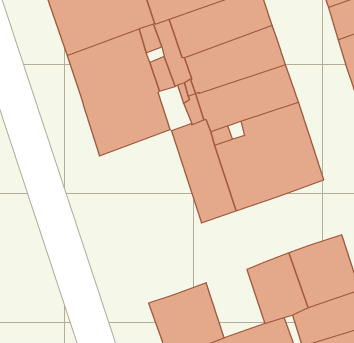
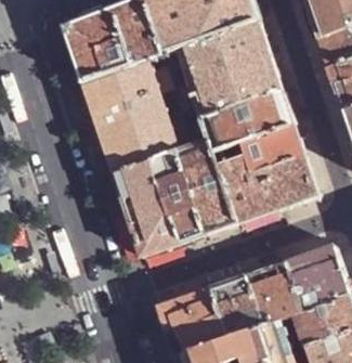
building: none -> [115,148,207,256]
building: none -> [211,275,264,337]

